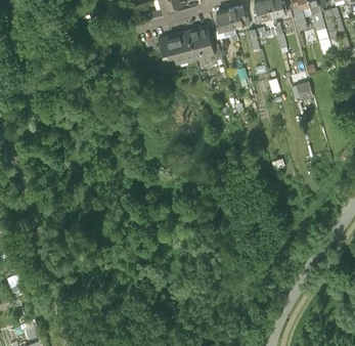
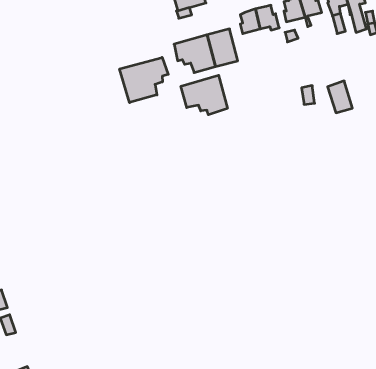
building: none -> [120,57,168,103]
building: none -> [181,75,227,115]

